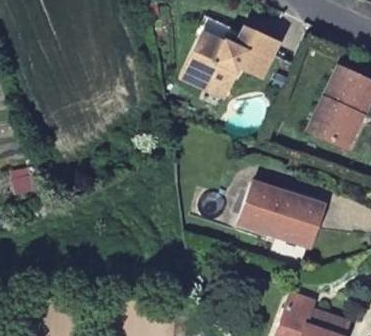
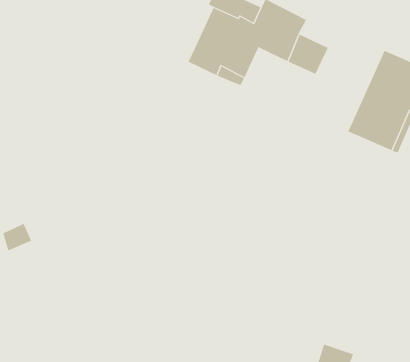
building: [238,179,322,245] -> none

